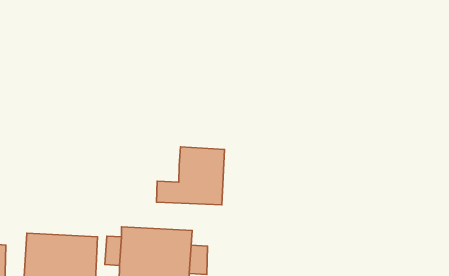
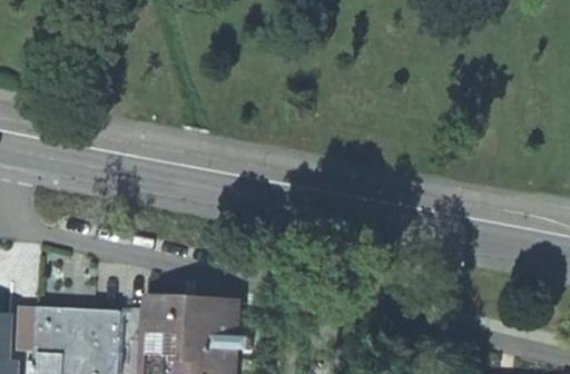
building: [157,147,225,205] -> none

